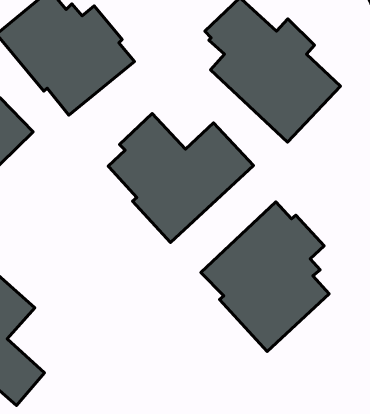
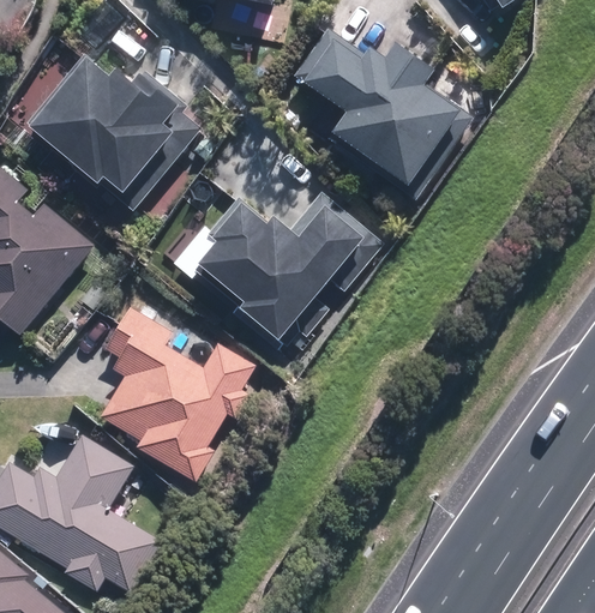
building: none -> [100,305,256,481]
building: [201,202,329,351] -> none

